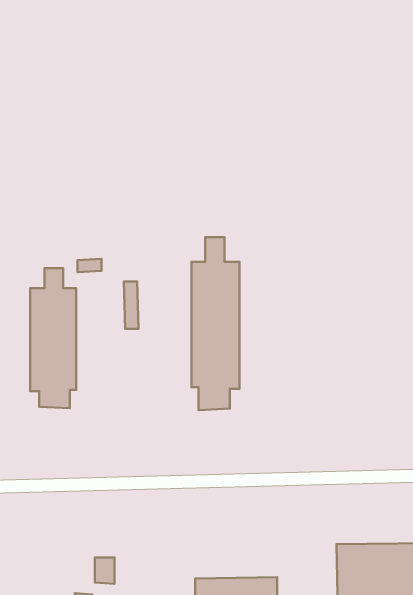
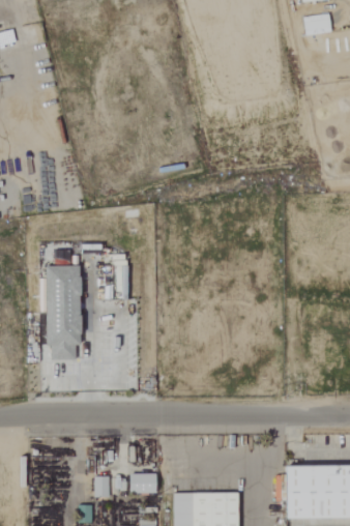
building: [192,237,240,410] -> none
building: none -> [129,473,157,493]

